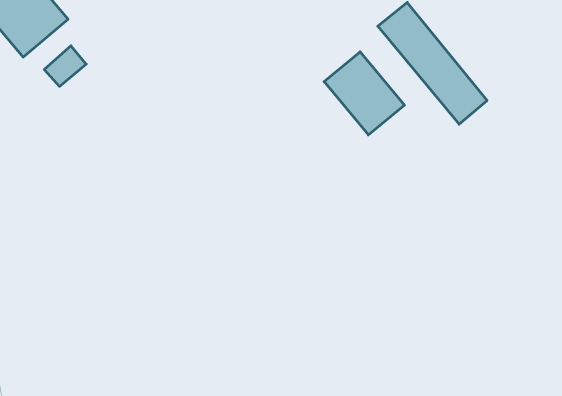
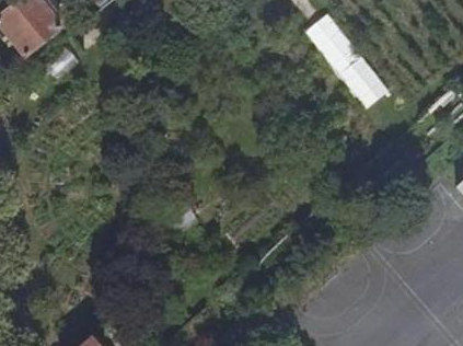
building: [324,52,404,135] -> none

